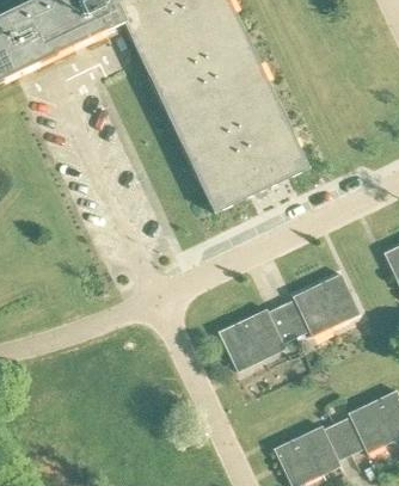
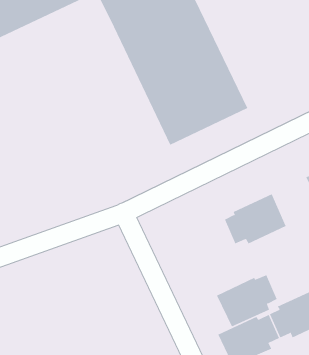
building: [219,306,295,371] -> [216,274,277,327]

